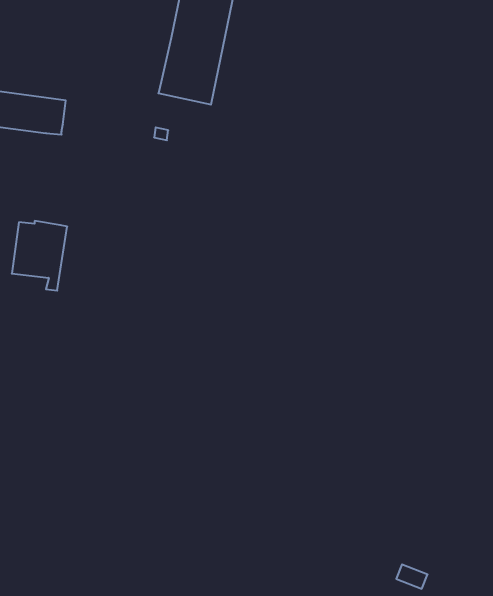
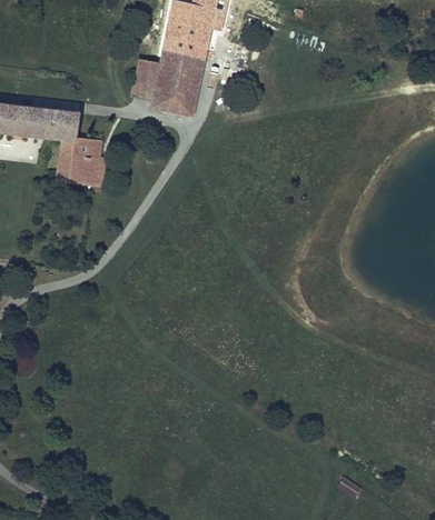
building: none -> [132,60,161,99]
building: [12,221,67,291] -> [58,138,101,192]

